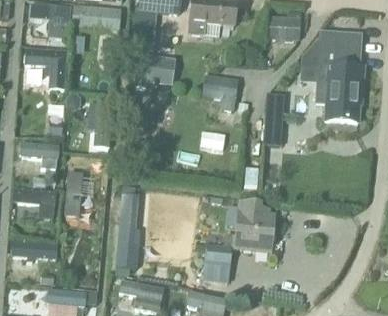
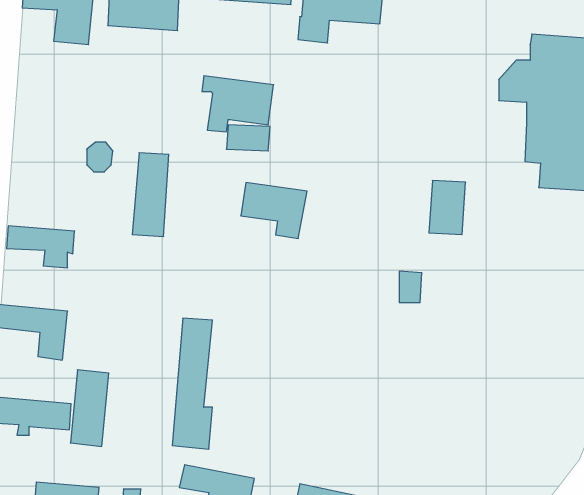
building: [268,17,299,41] -> none
building: [25,47,66,87] -> none
building: [200,75,238,107] -> [241,183,307,238]
building: [64,172,86,216] -> [70,370,109,446]
building: [202,201,273,284] -> none

